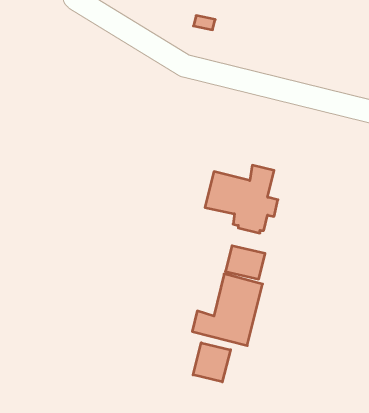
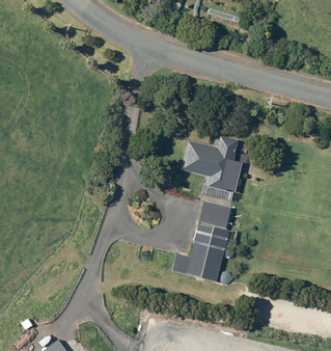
building: [193,343,231,382] -> none

